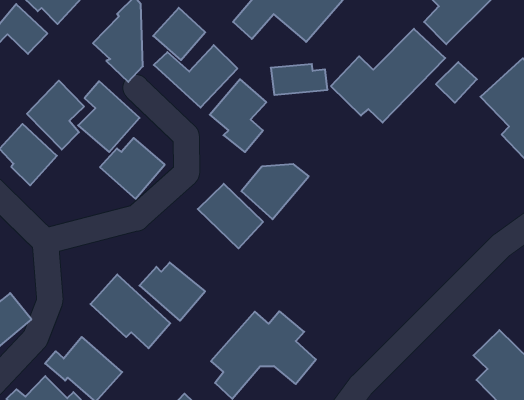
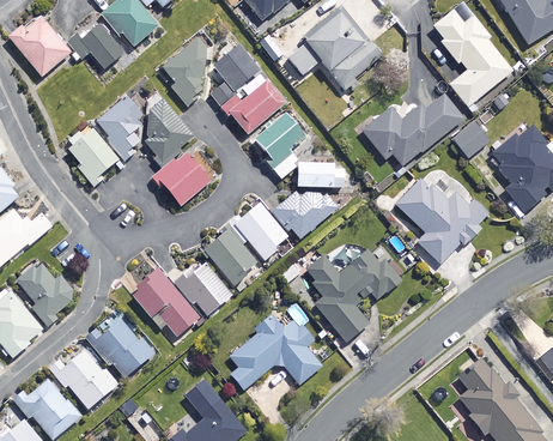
building: [271,64,328,95] -> [297,161,344,186]
building: none -> [394,174,487,262]
building: none -> [299,234,409,340]
building: none -> [205,228,256,282]

